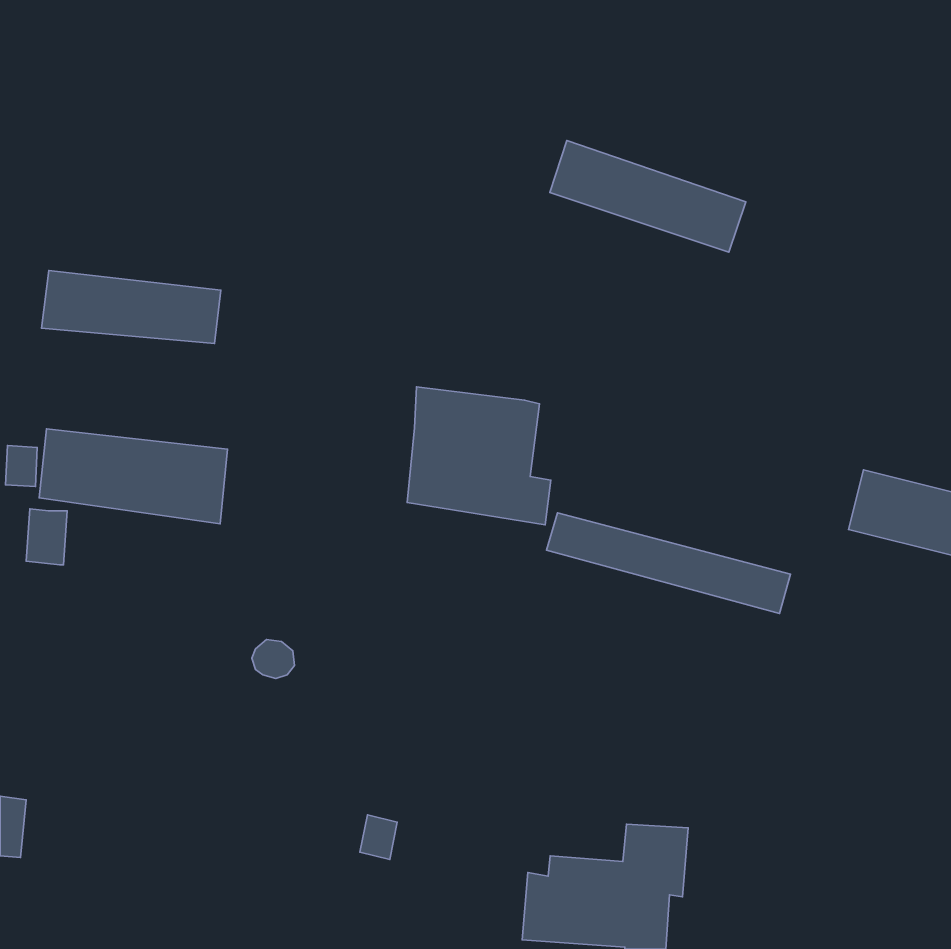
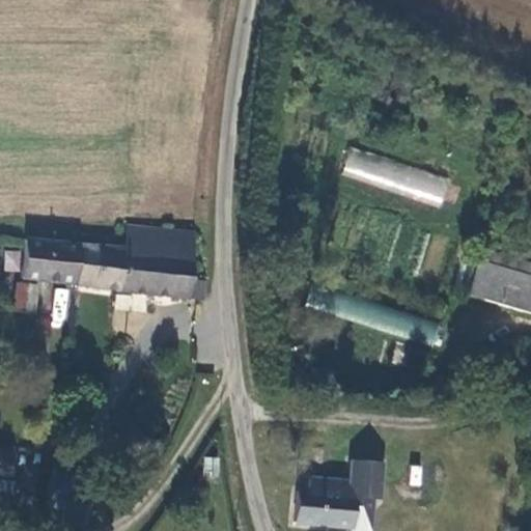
building: [550,140,746,252] -> [341,143,450,205]
building: [41,271,221,343] -> none
building: [407,387,551,525] -> [123,227,203,304]

